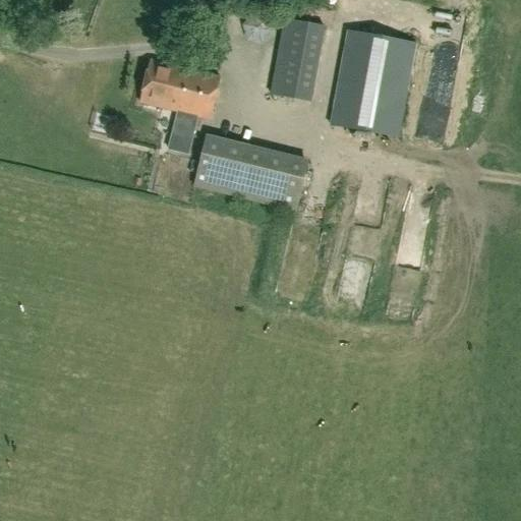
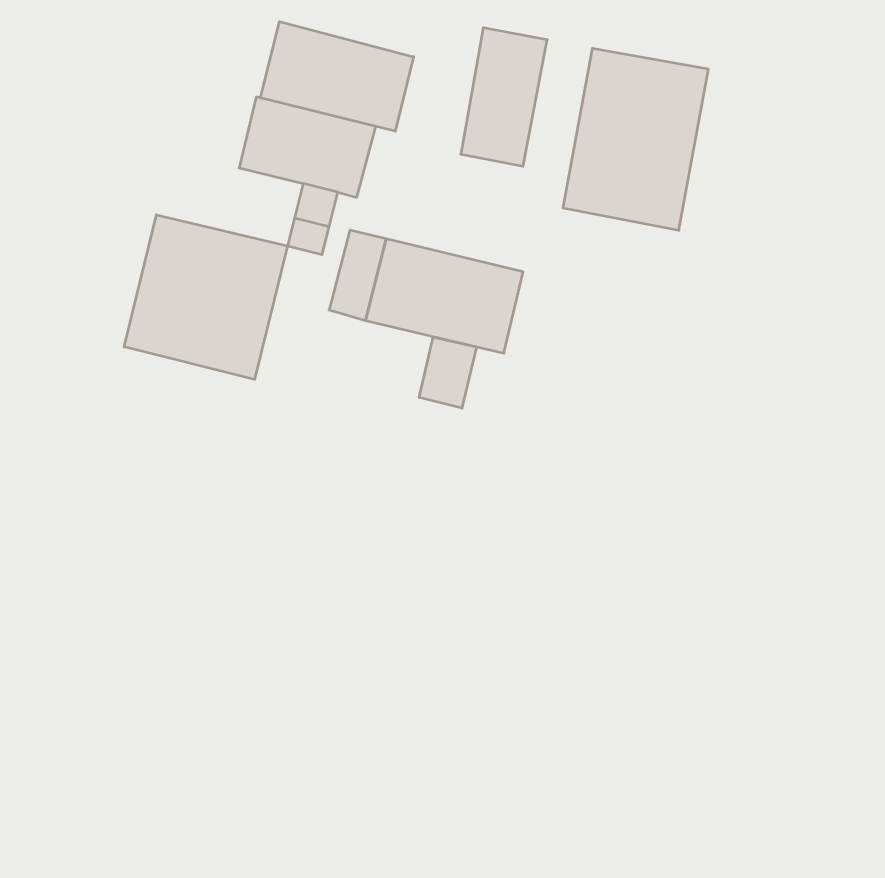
building: none -> [260,22,414,131]
building: none -> [124,215,287,379]
building: none -> [419,337,477,408]

